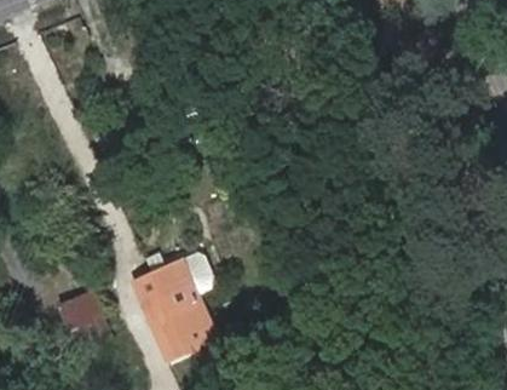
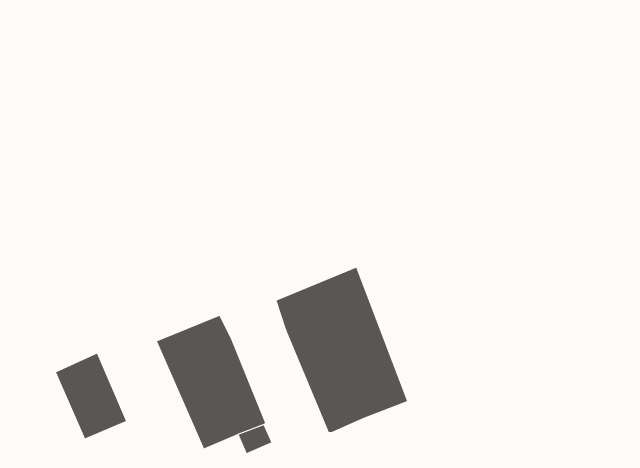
building: none -> [276,267,408,433]

